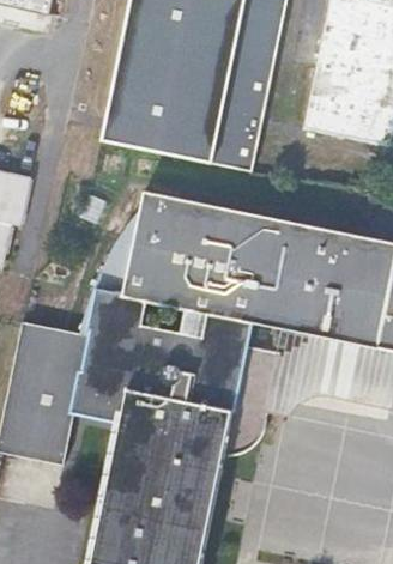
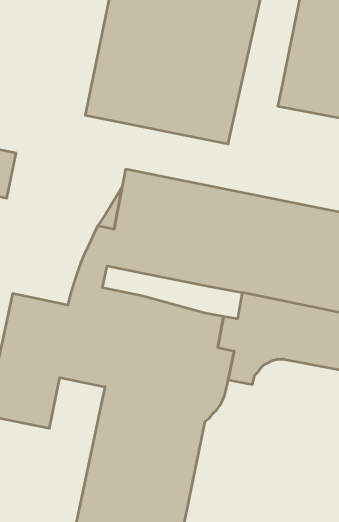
building: [159,303,230,344] -> none

